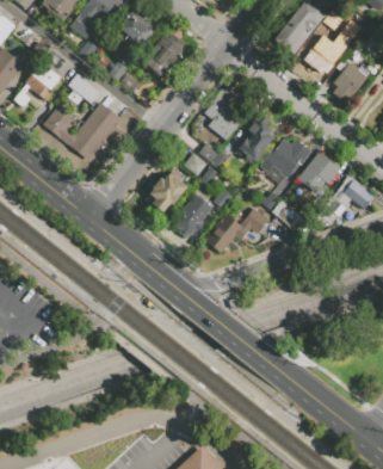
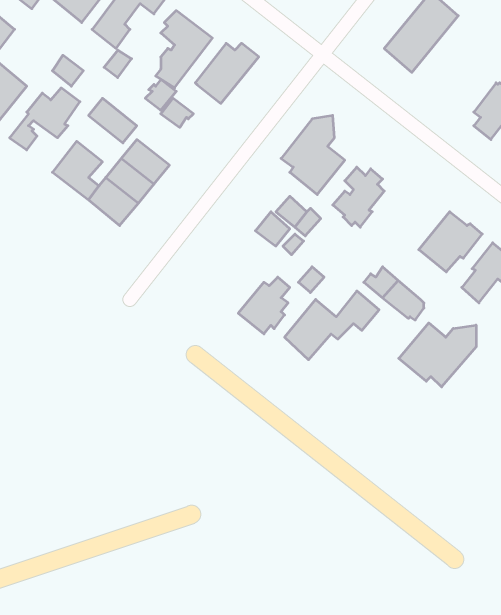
building: [299,35,345,75] -> none
building: [260,140,309,178] -> none
building: [146,173,187,214] -> none
building: none -> [399,323,476,387]

